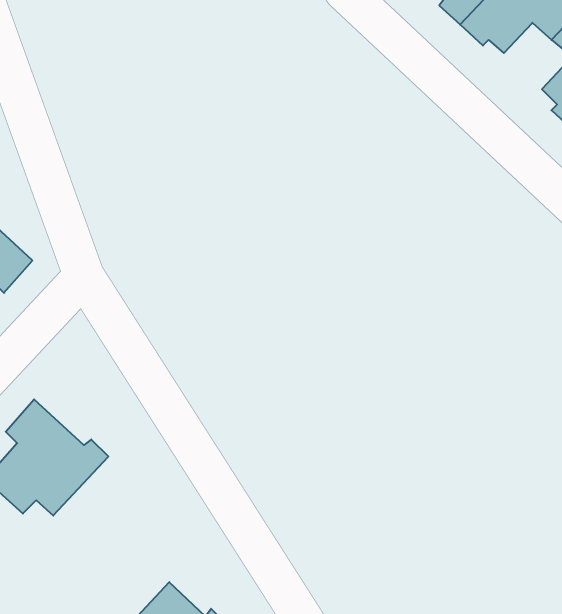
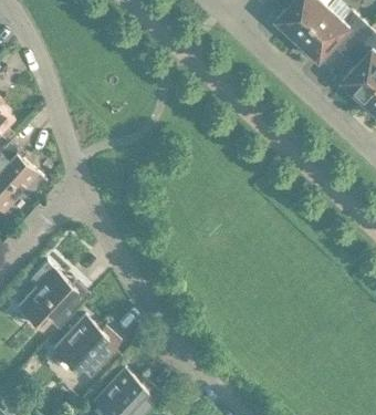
building: none -> [53,317,119,375]

